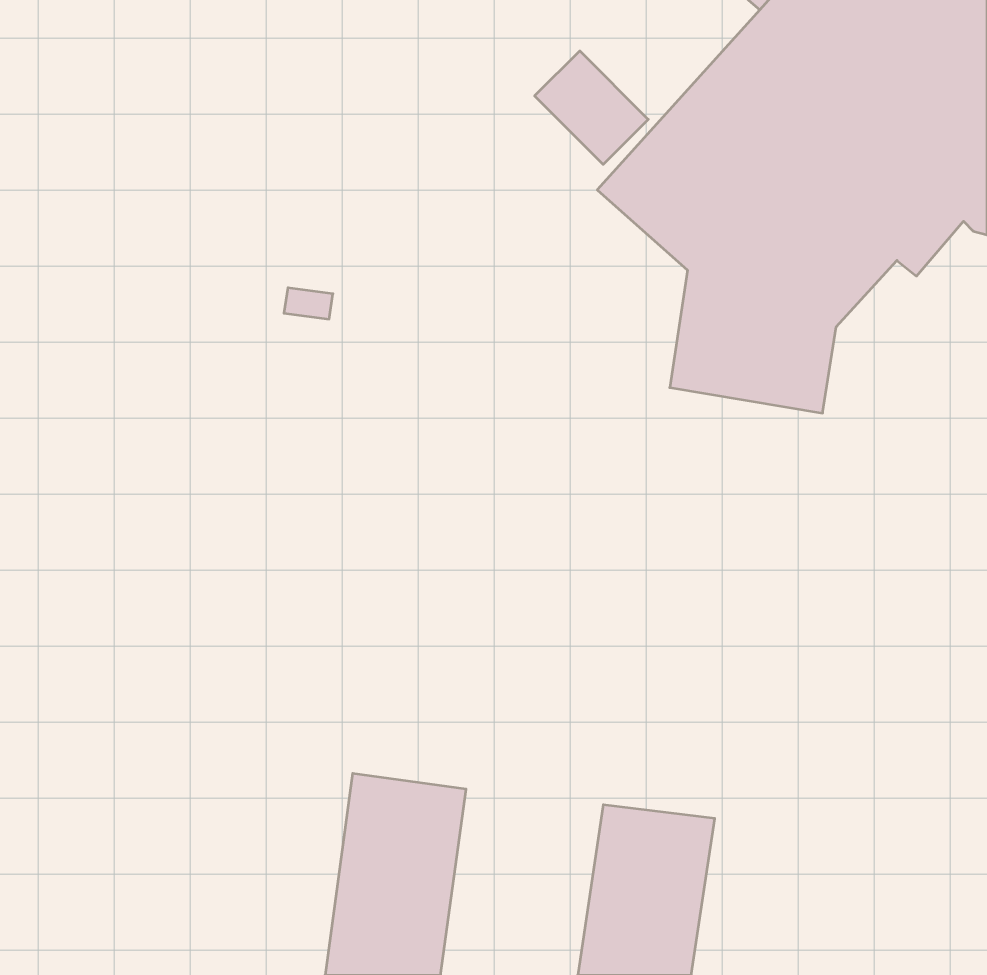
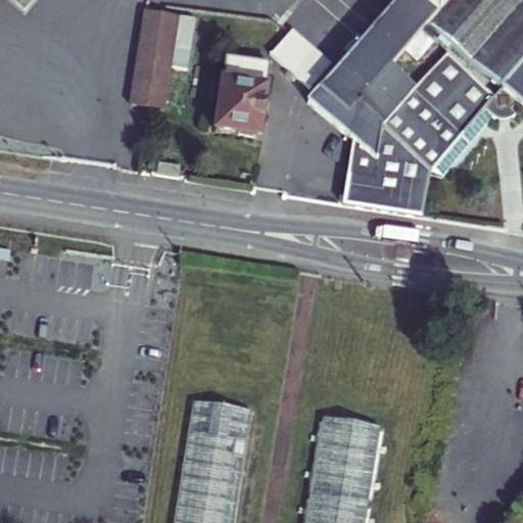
building: none -> [132,6,183,106]
building: none -> [219,55,275,135]

